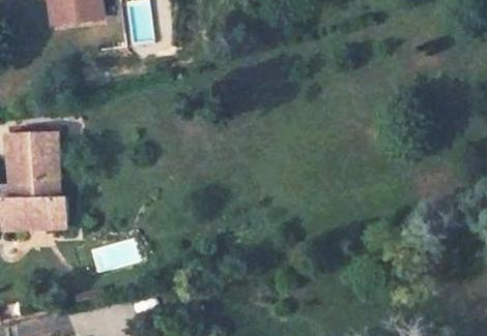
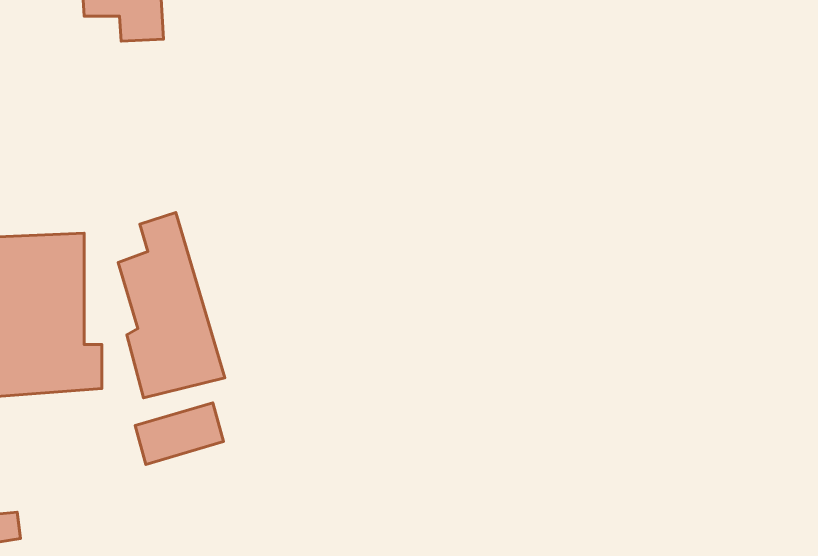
building: none -> [118,213,225,398]

